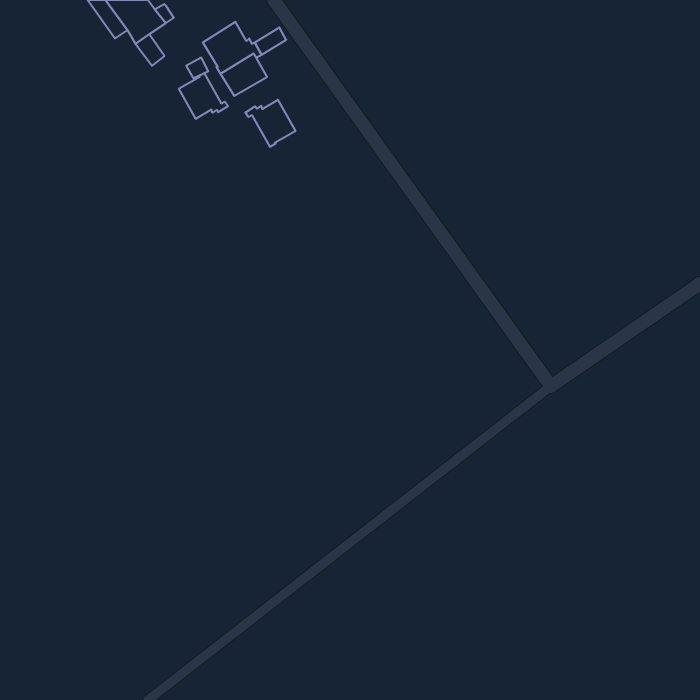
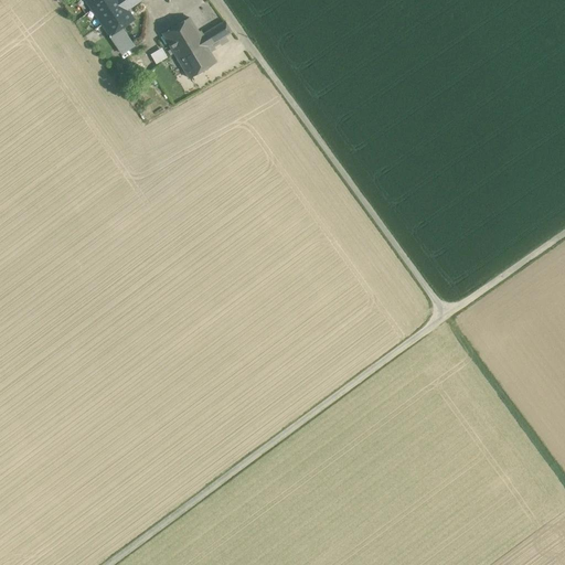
building: [179,73,228,119] -> none
building: [245,100,295,147] -> none

